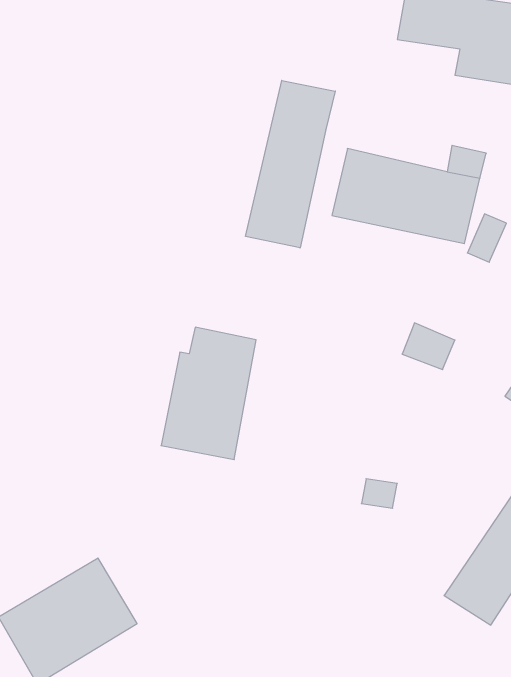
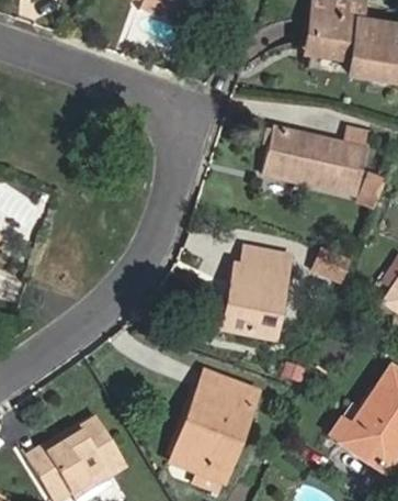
building: [246,80,335,248] -> none
building: [161,327,256,460] -> [221,245,288,338]
building: none -> [181,379,255,477]

